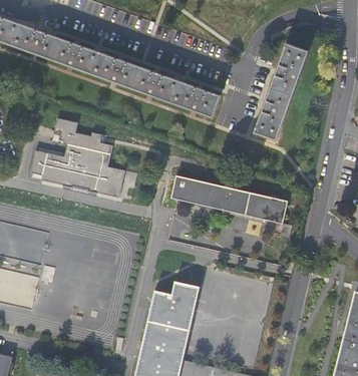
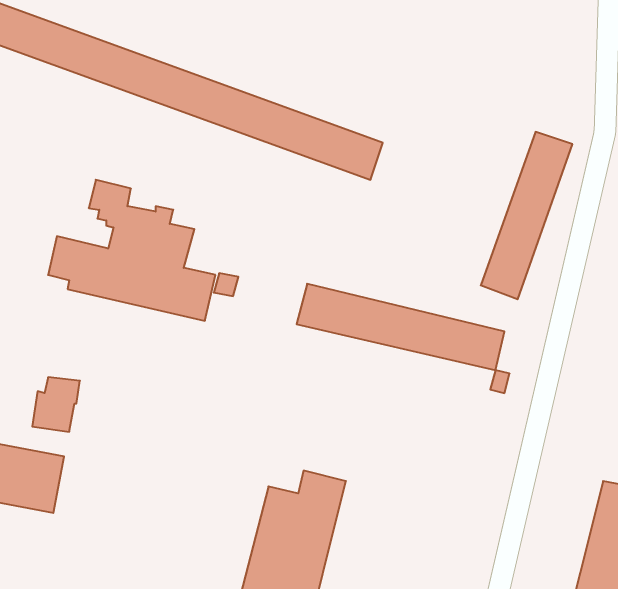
building: [256,44,308,139] -> [481,132,572,299]

